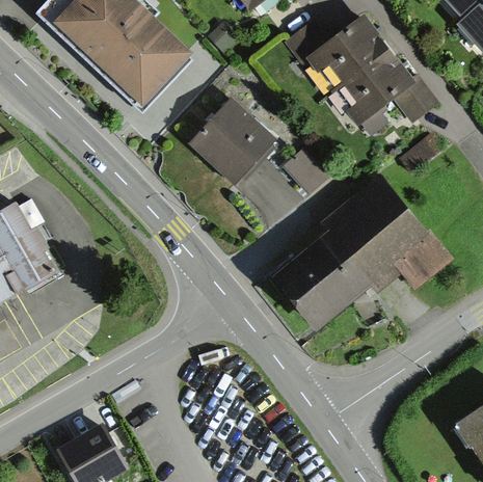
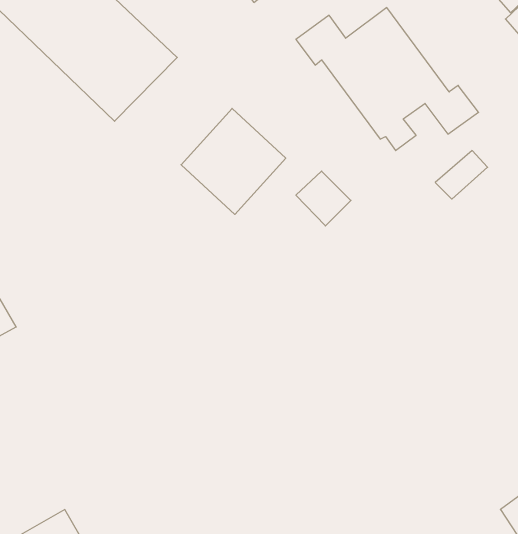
building: [274,175,453,332] -> none

